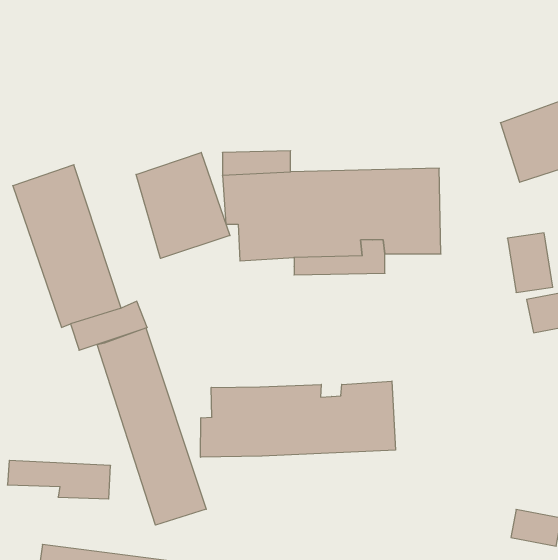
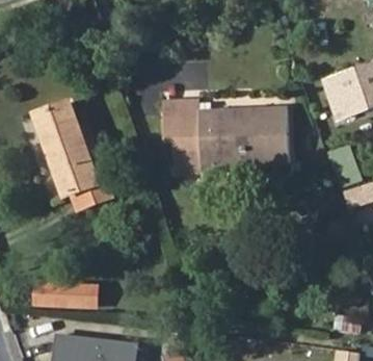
building: [136,152,230,258] -> none
building: [97,328,206,525] -> none
building: [201,381,395,457] -> none

